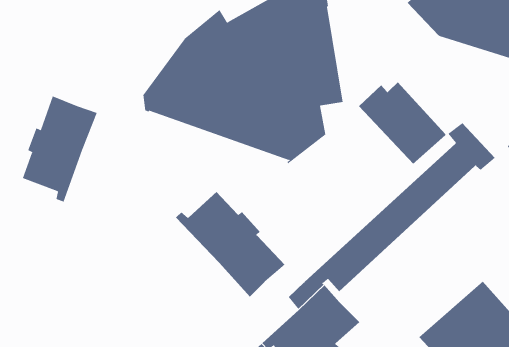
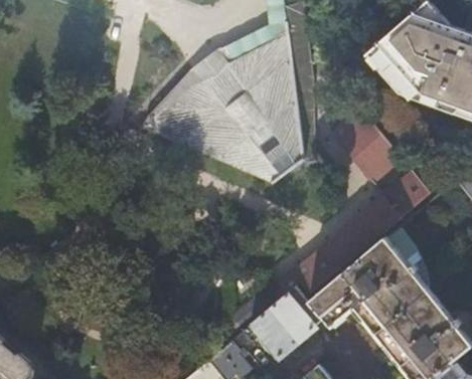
building: [22,95,97,203] -> none
building: [175,191,286,297] -> none
building: none -> [308,235,429,333]

